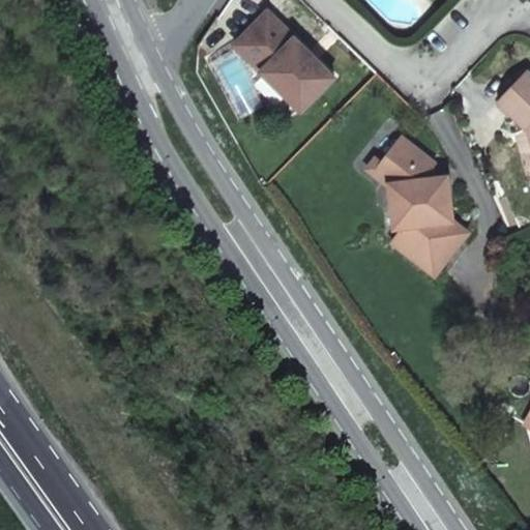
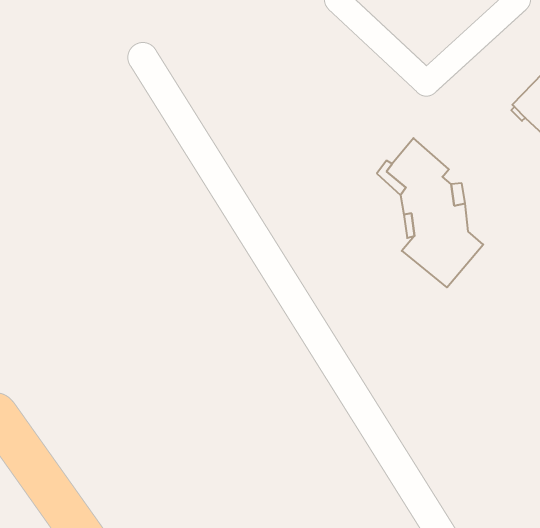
building: [234,11,334,110] -> none

